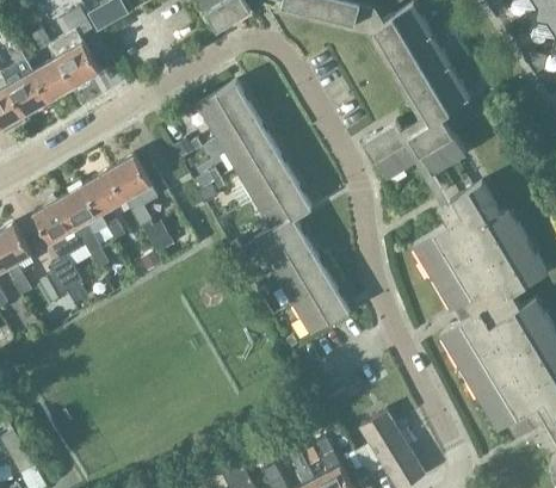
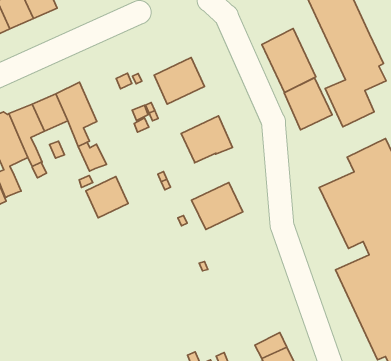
building: none -> [262,29,316,93]
building: [196,81,255,137] -> none
building: [234,144,292,199] -> none
building: [253,217,311,272] -> none
building: none -> [86,177,128,218]
building: [291,279,350,335] -> none

